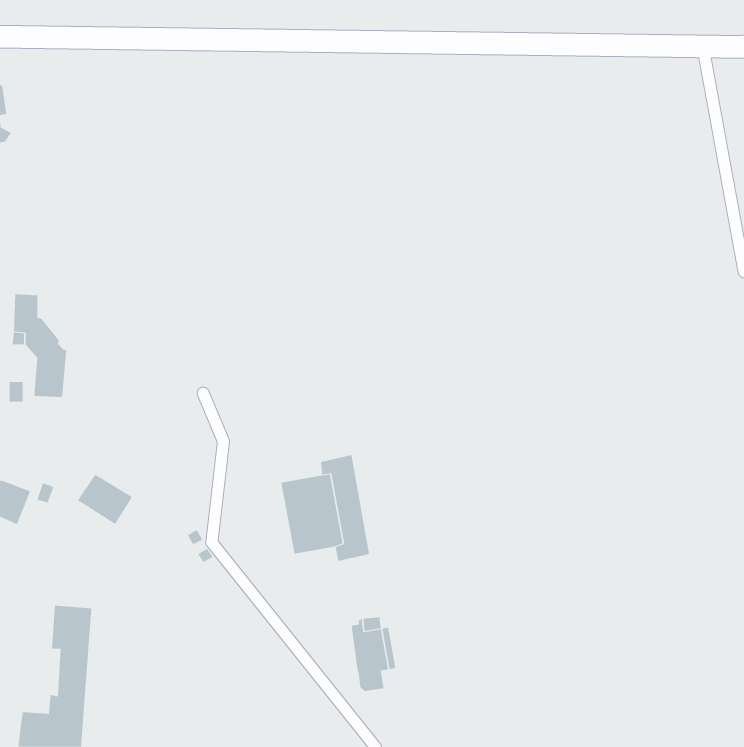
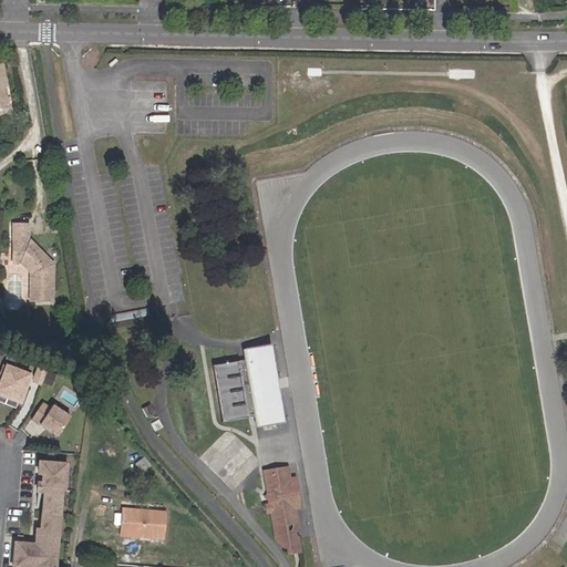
building: [77,474,133,525] -> [31,398,73,436]
building: none -> [120,511,163,537]
building: none -> [272,520,302,545]

